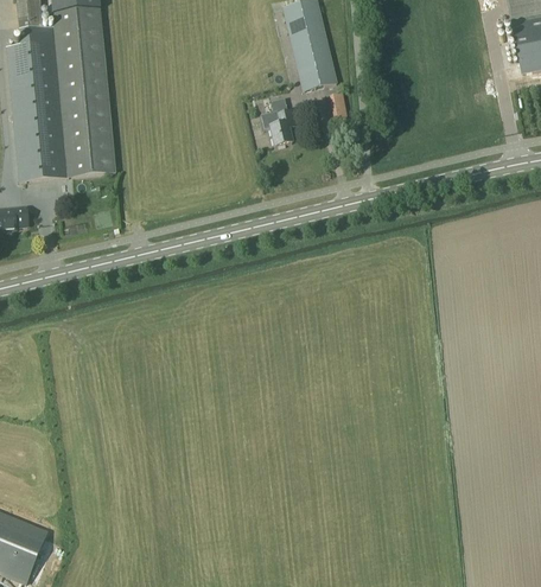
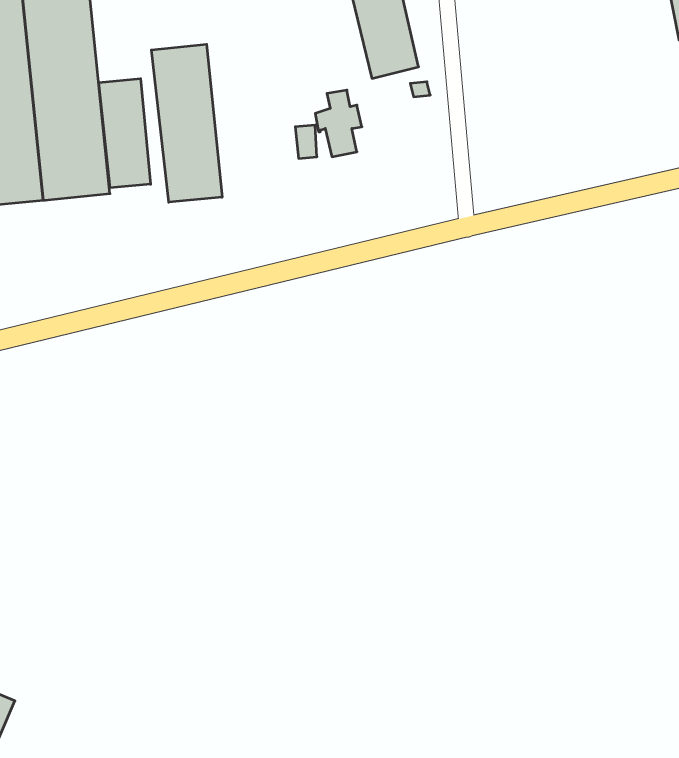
building: none -> [151,44,222,202]
building: none -> [99,79,151,188]

